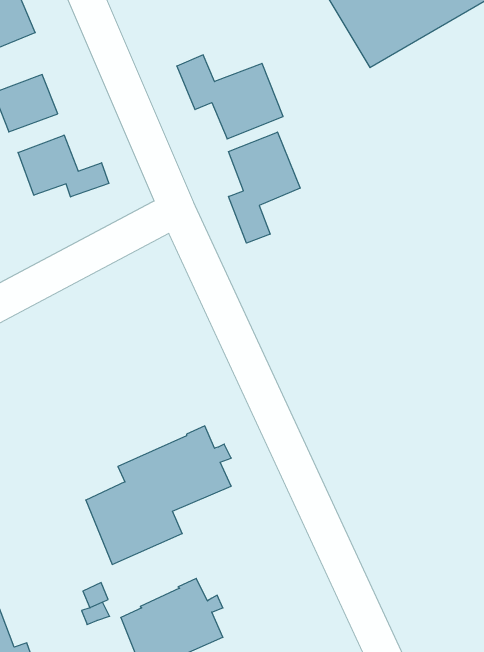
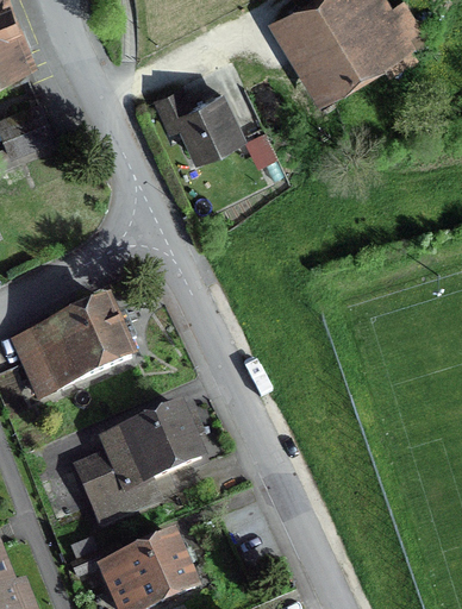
building: [229,132,300,243] -> none
building: [18,135,109,197] -> none
building: none -> [24,300,135,393]

